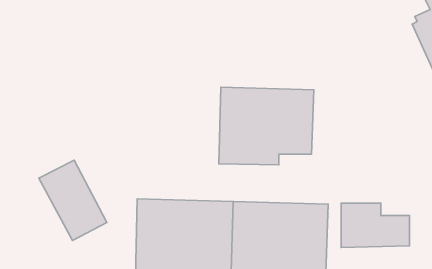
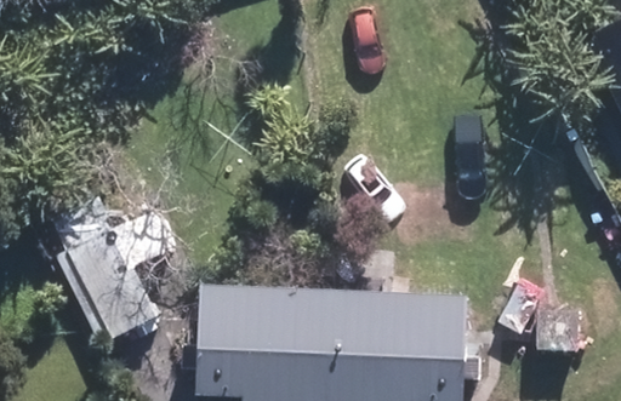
building: [219,87,314,165] -> none

